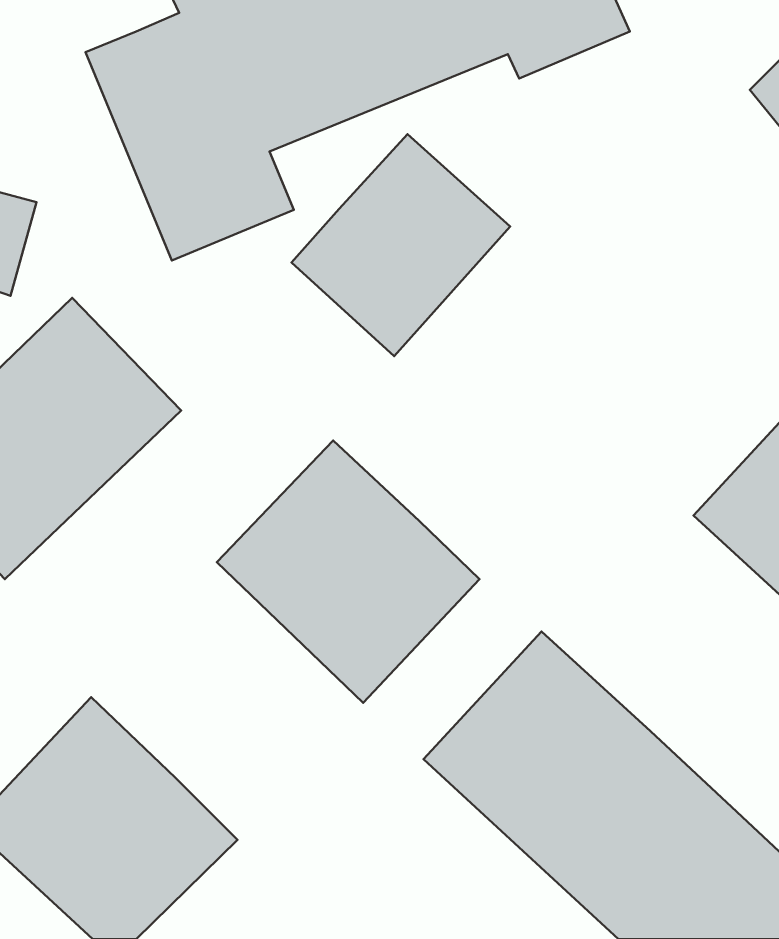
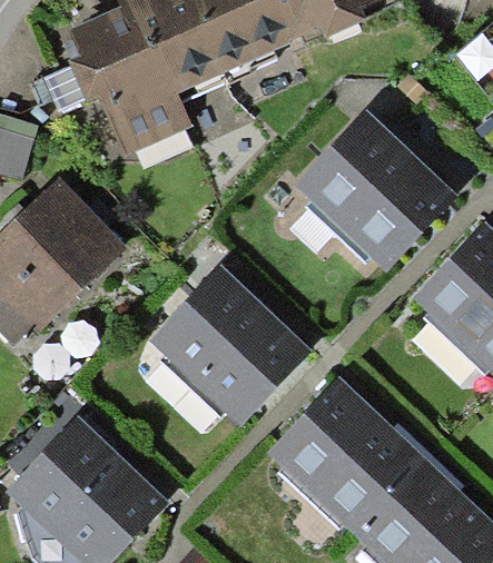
building: [291,134,510,356] -> none
building: none -> [305,121,462,276]

